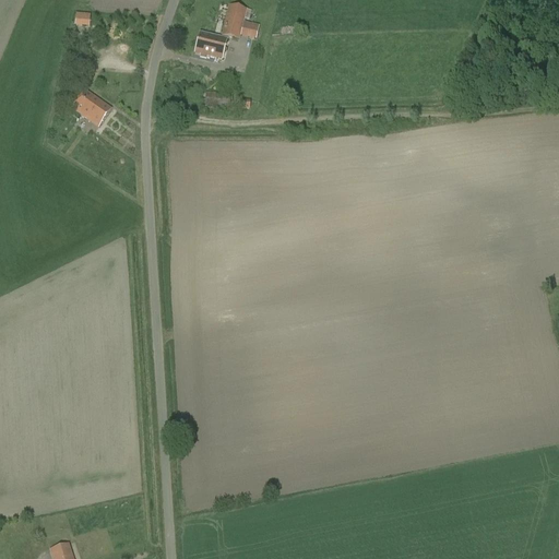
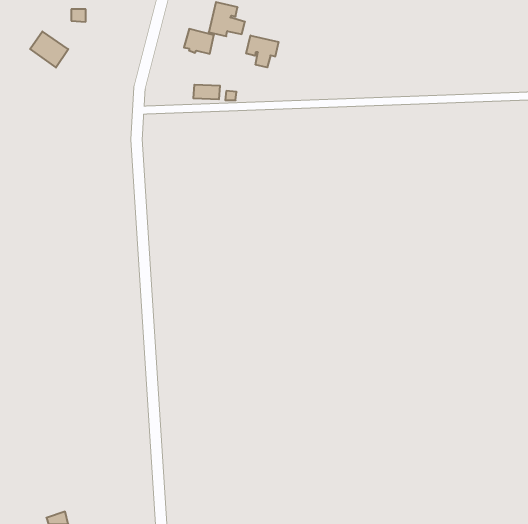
building: none -> [246,35,279,67]
building: [71,87,111,126] -> [30,31,68,68]

